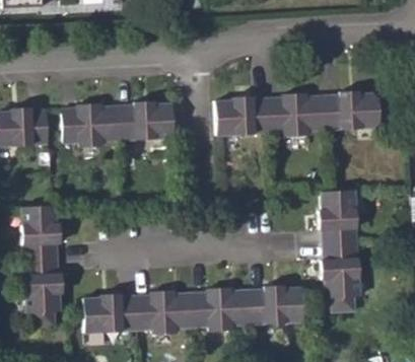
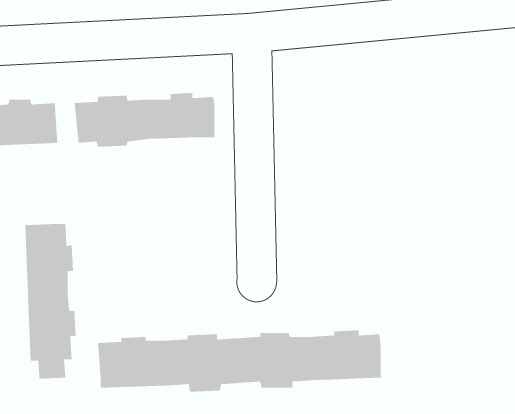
building: [215,94,378,135] -> none
building: [317,191,360,315] -> none

